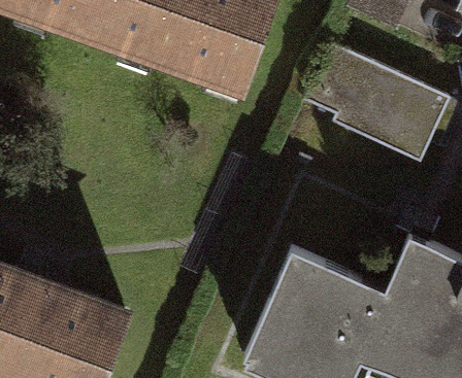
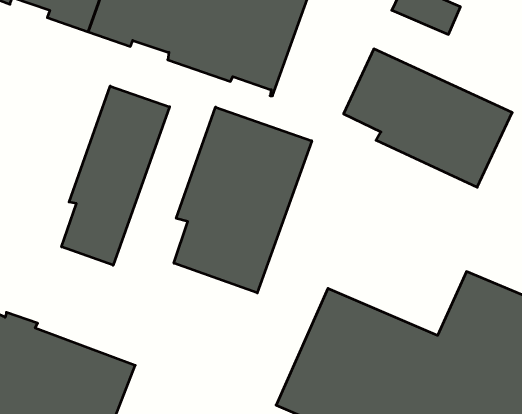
building: none -> [62,86,170,265]
building: none -> [174,107,312,293]

